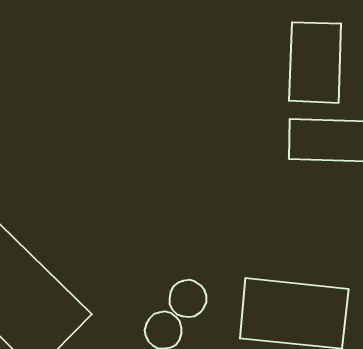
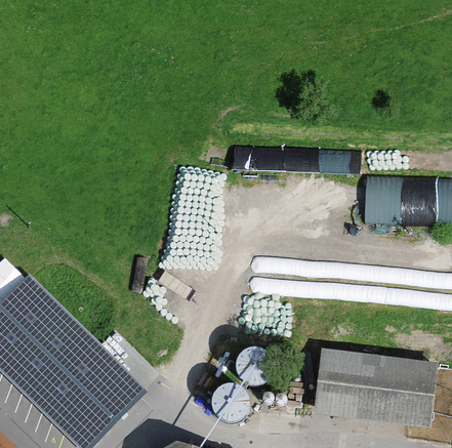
building: [289,22,341,103] -> none

